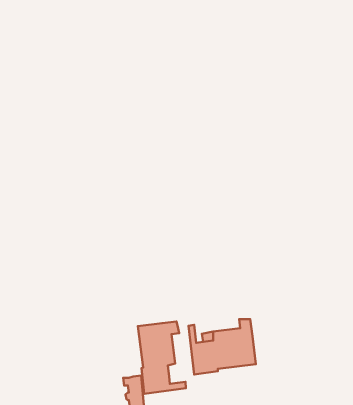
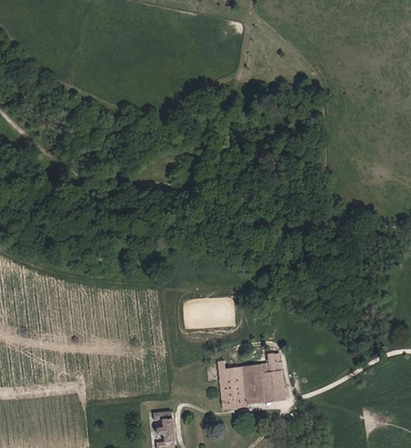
building: [138,321,186,394] -> none

